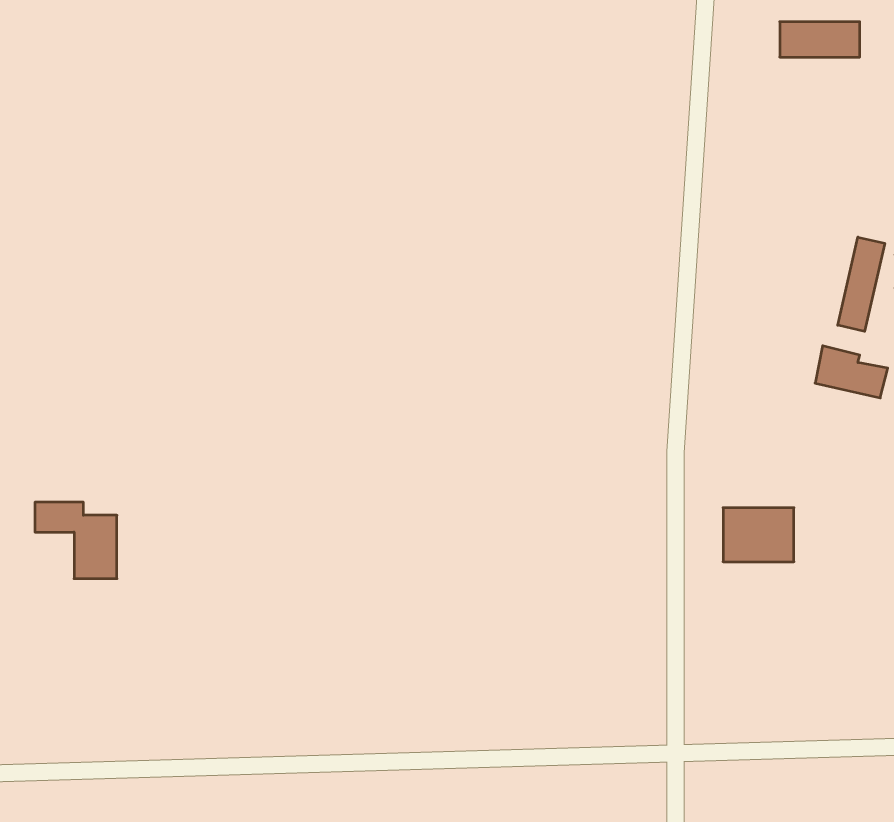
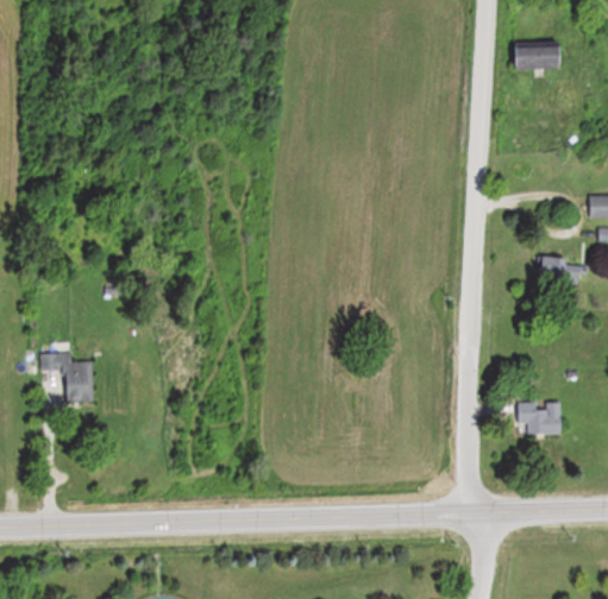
building: [838,237,885,331] -> none
building: [723,508,794,562] -> [516,402,562,436]

